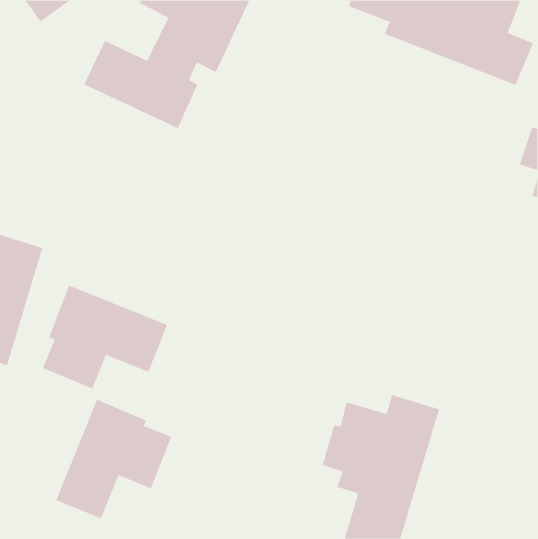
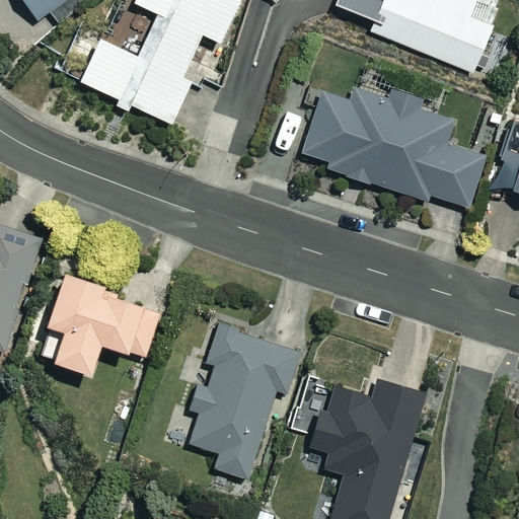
building: none -> [299,84,486,210]
building: none -> [189,324,299,479]
building: [55,399,172,519] -> none

